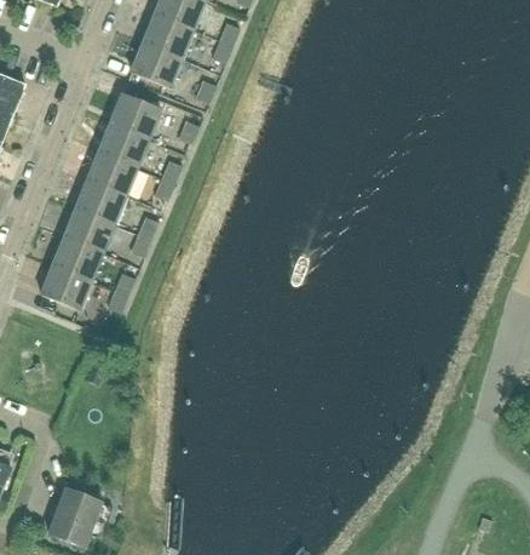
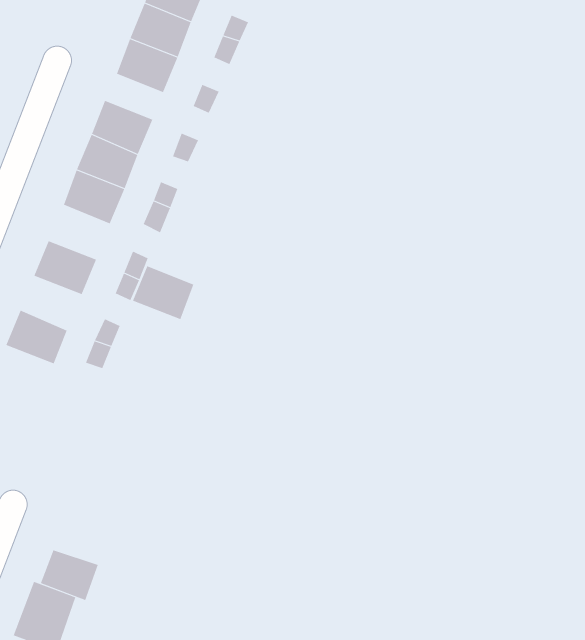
building: [76,177,127,222] -> [132,265,194,320]
building: [53,235,104,280] -> none
building: none -> [40,549,99,601]

